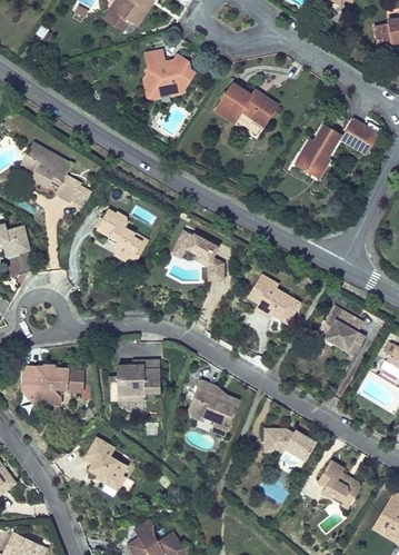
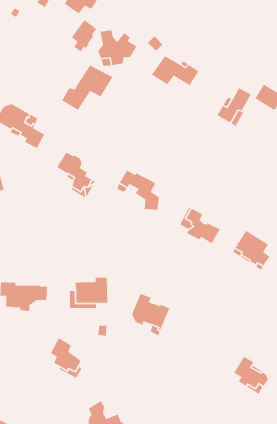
building: none -> [71,19,97,52]
building: none -> [61,64,114,111]
building: [261,429,313,460] -> none

